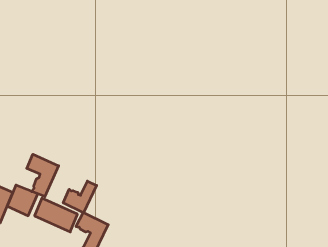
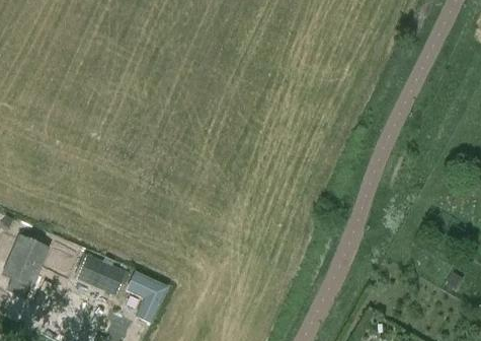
building: [27,154,59,197] -> none
building: [63,181,97,213] -> none

